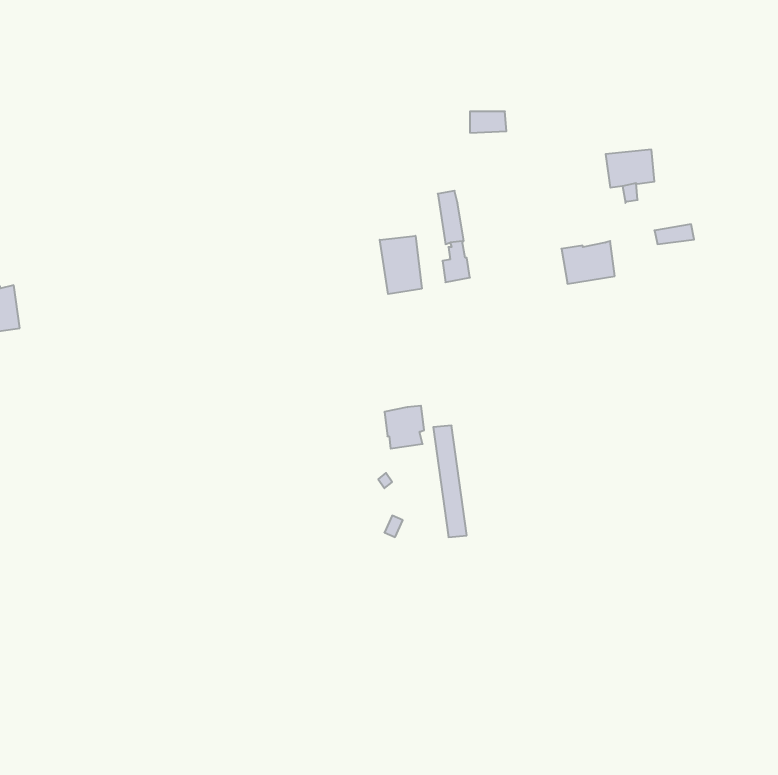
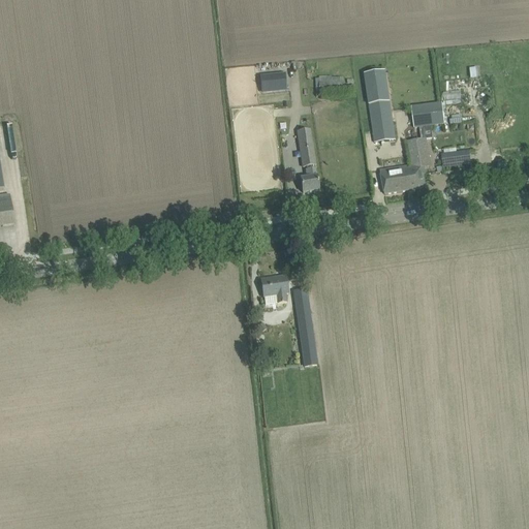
building: none -> [363,66,395,141]
building: none -> [255,72,281,90]
building: none -> [406,137,428,187]
building: [380,236,422,294] -> none

